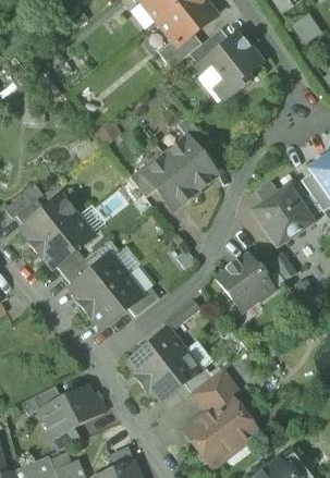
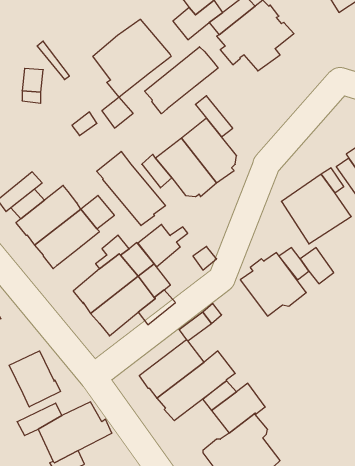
building: none -> [93,19,171,97]
building: none -> [145,47,218,114]
building: none -> [97,151,165,226]
building: [56,248,99,285] -> [138,224,188,267]
building: none -> [9,351,60,407]

